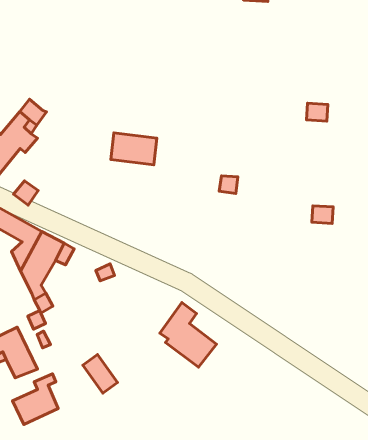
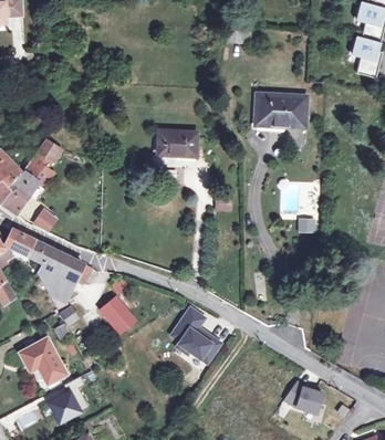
building: none -> [256,95,305,126]
building: [111,133,157,165] -> [158,130,197,156]
building: [83,355,117,393] -> [102,297,133,331]
building: none -> [284,380,322,412]

